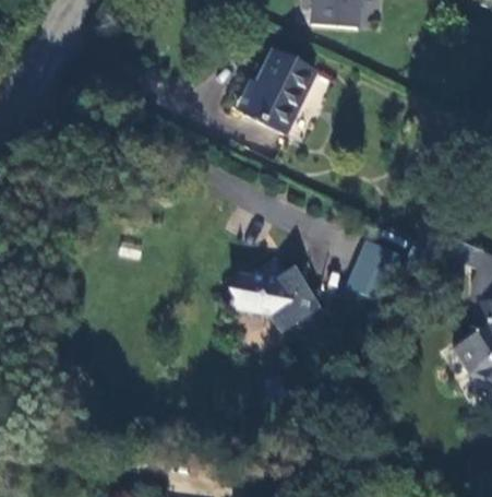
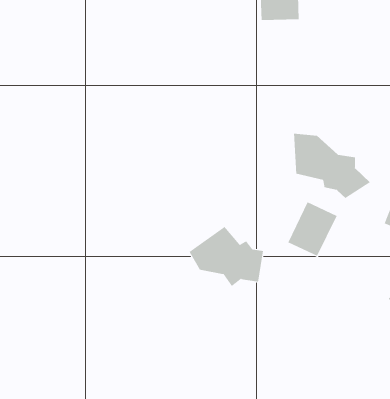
building: [245,51,317,133] -> none
building: none -> [293,133,371,199]

